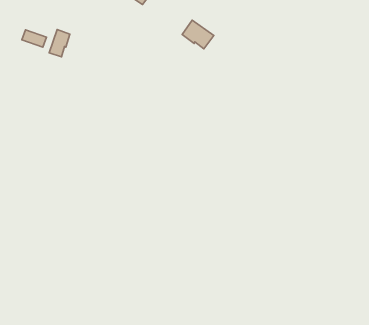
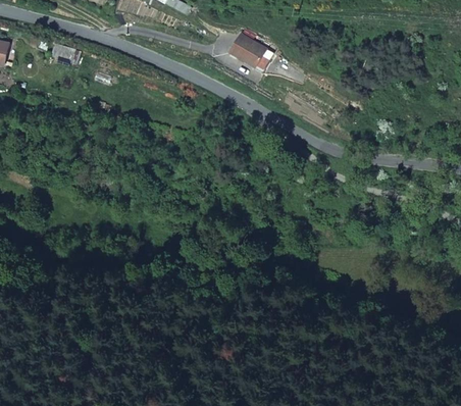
building: [49,30,70,57] -> none

